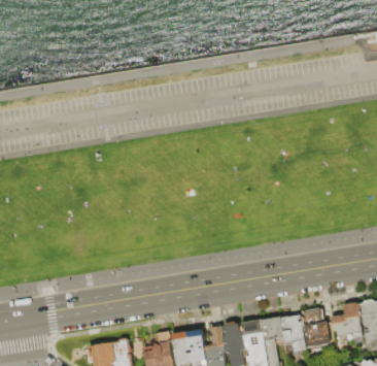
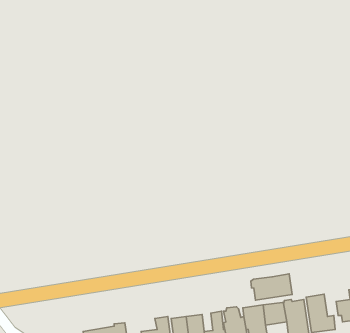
building: none -> [251,274,292,300]

